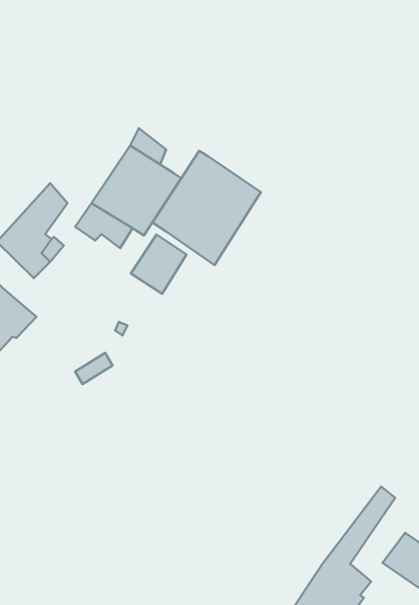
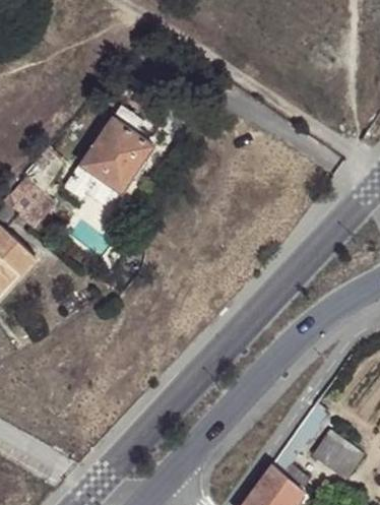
building: [152,151,261,265] -> none
building: [131,234,186,294] -> none

